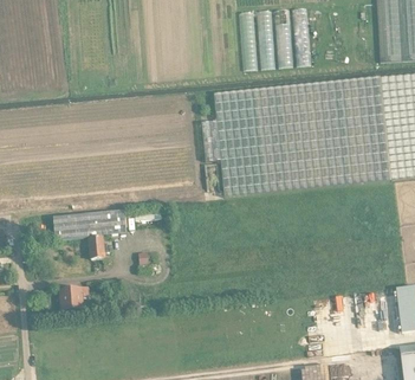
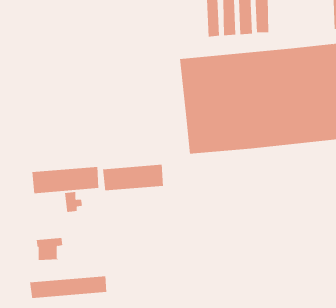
building: none -> [103,164,164,191]
building: none -> [30,275,107,299]

